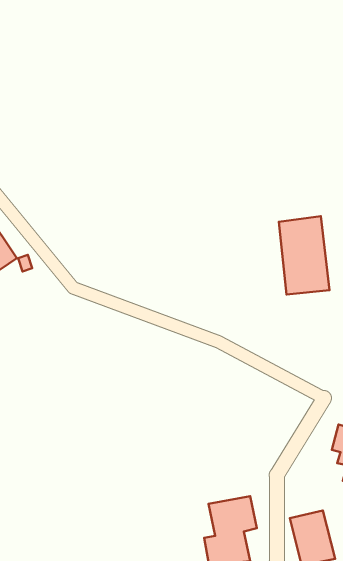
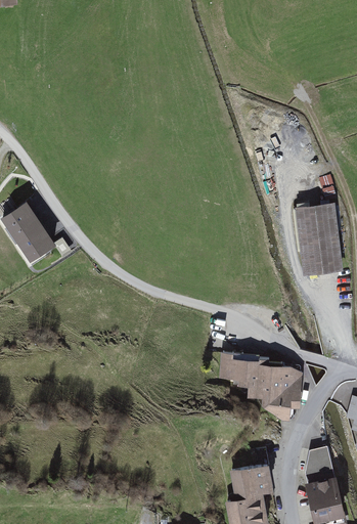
building: none -> [218,354,303,423]
building: none -> [304,447,333,479]

